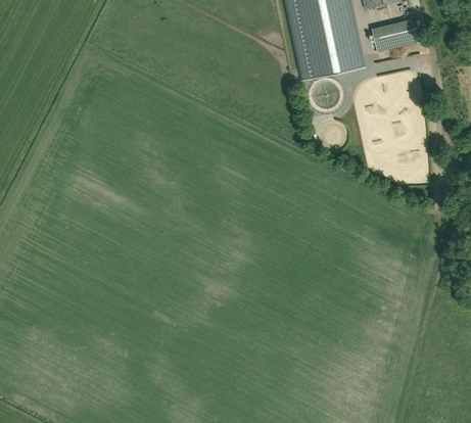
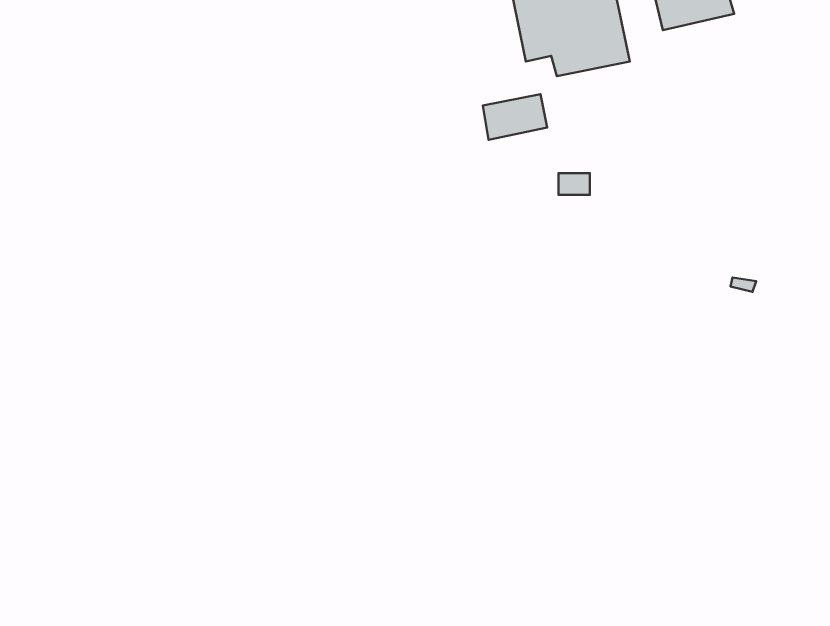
building: none -> [483,94,547,140]

